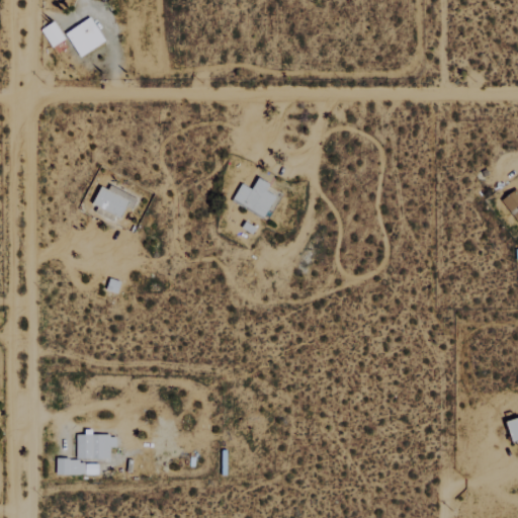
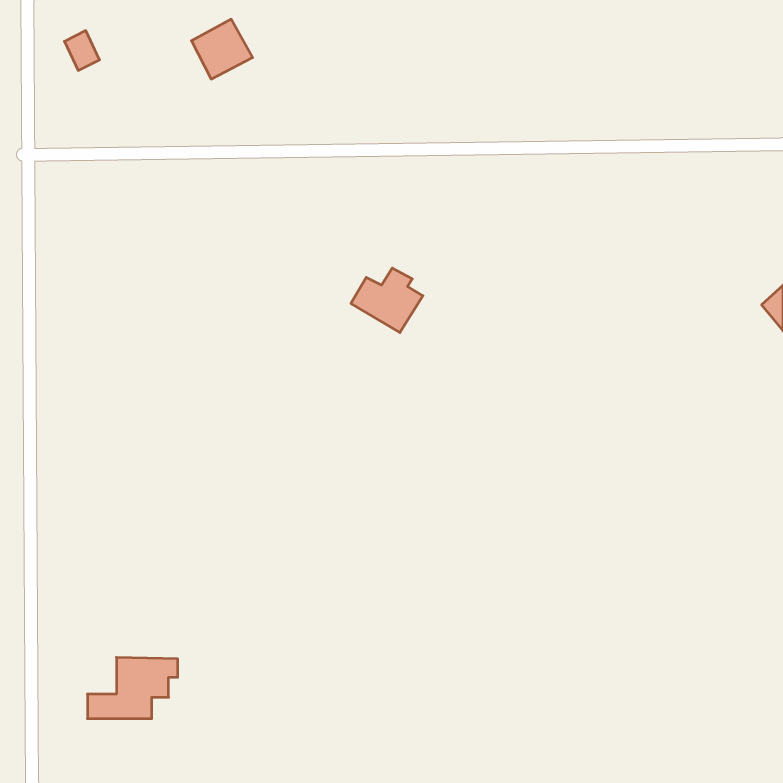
building: [67,17,107,57] -> [191,19,253,79]
building: [94,186,133,219] -> none

